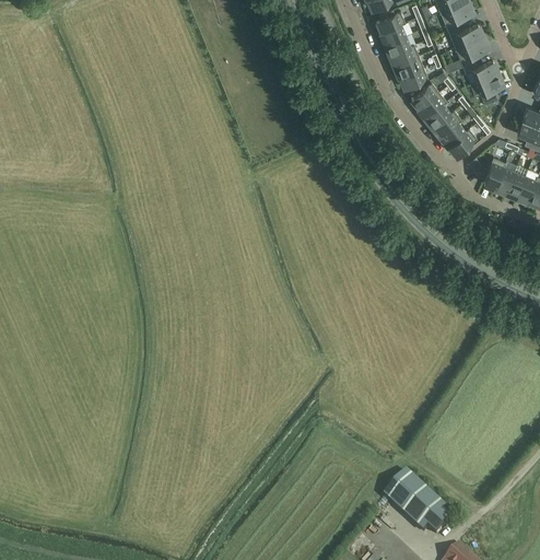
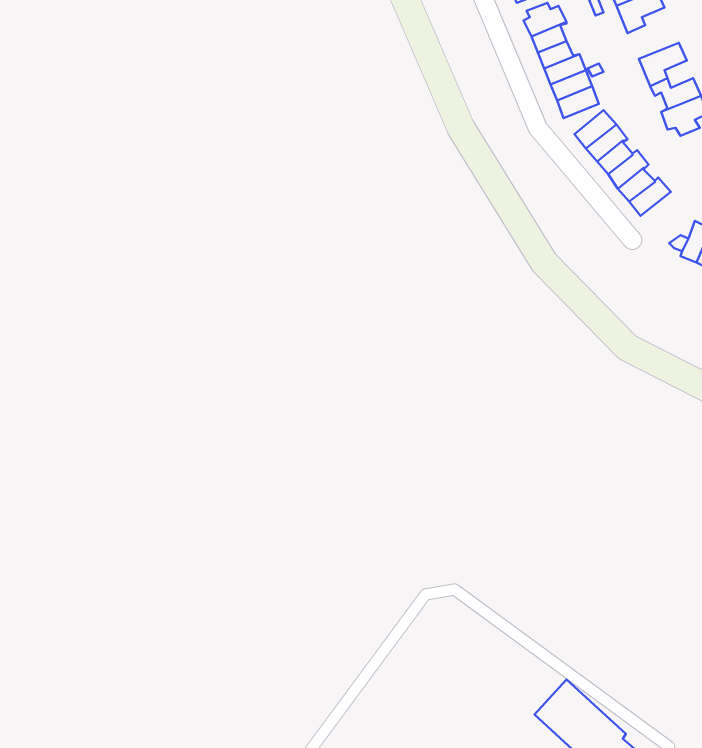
building: [448,25,483,48] -> none

